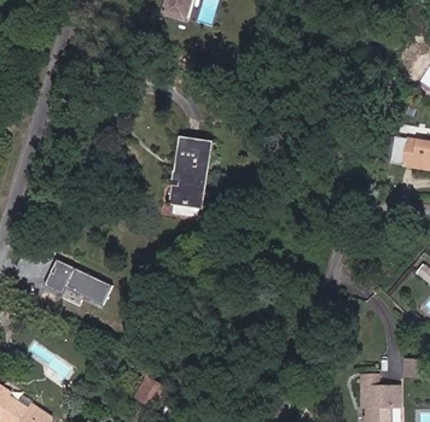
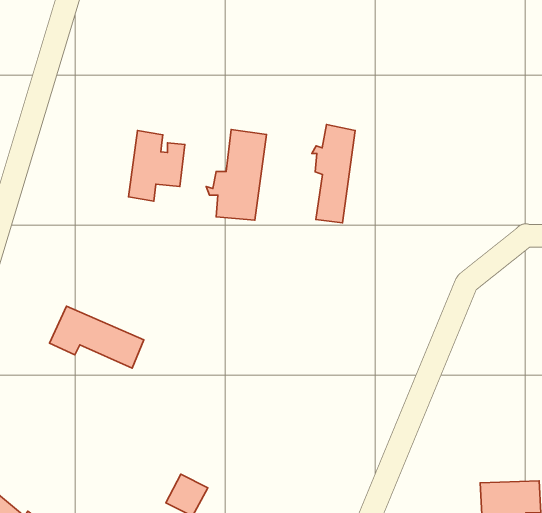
building: none -> [312,125,355,223]
building: none -> [128,130,185,201]

